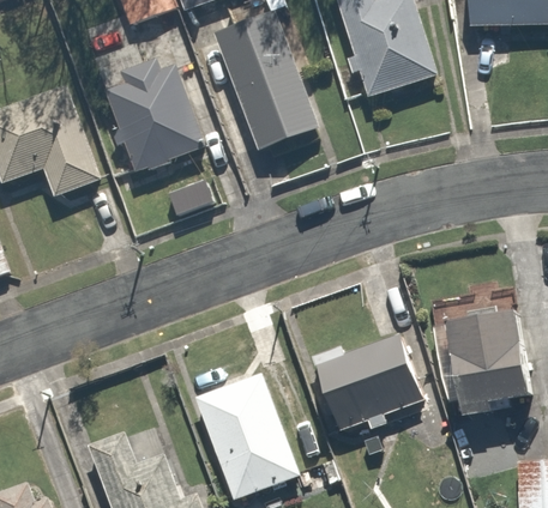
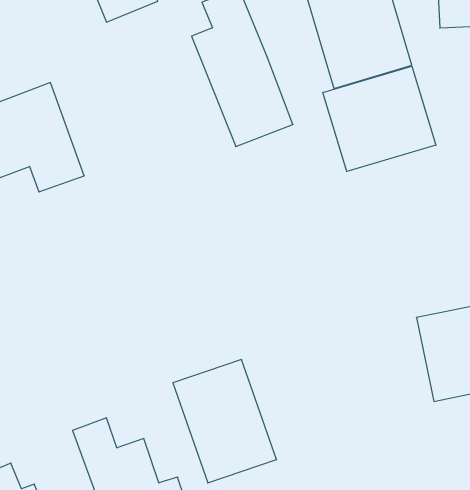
building: [92,31,210,175] -> none
building: none -> [323,66,436,171]
building: [311,333,429,440] -> none

